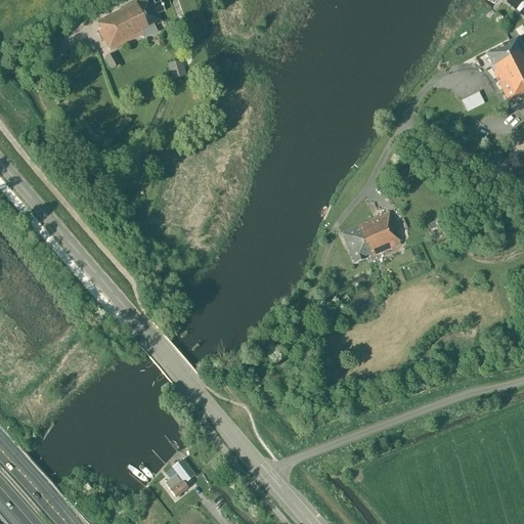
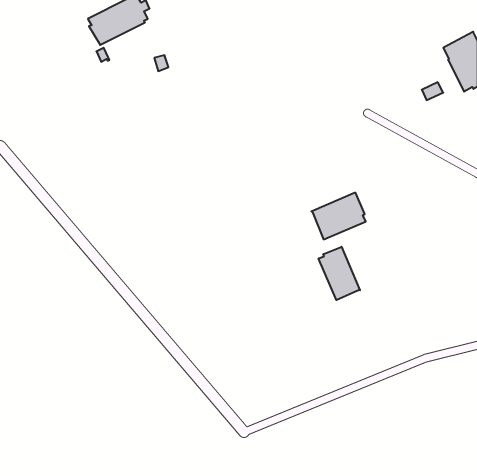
building: none -> [319,247,360,300]
building: [165,457,195,496] -> none

